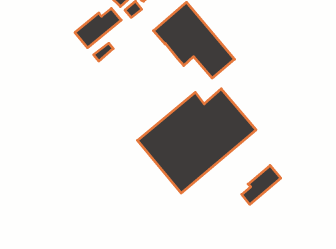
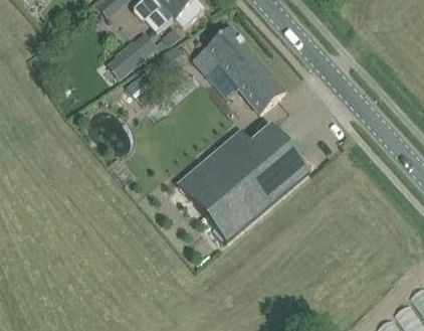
building: [242,165,281,204] -> none

